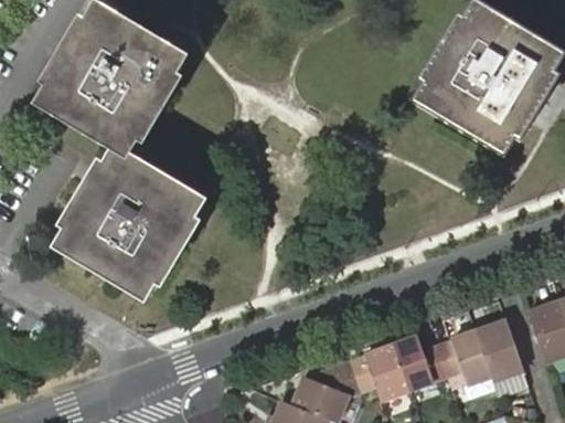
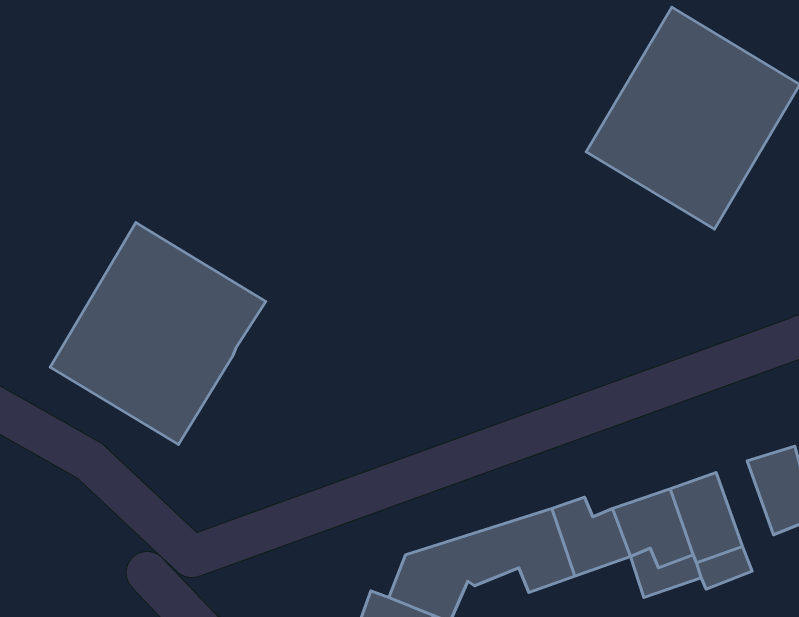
building: [41,9,185,158] -> none

